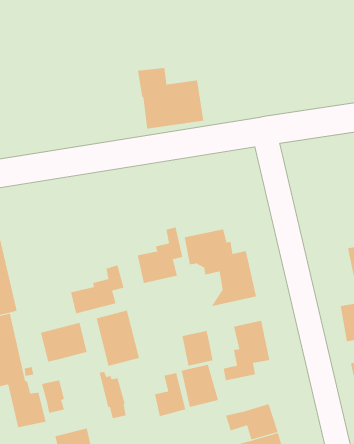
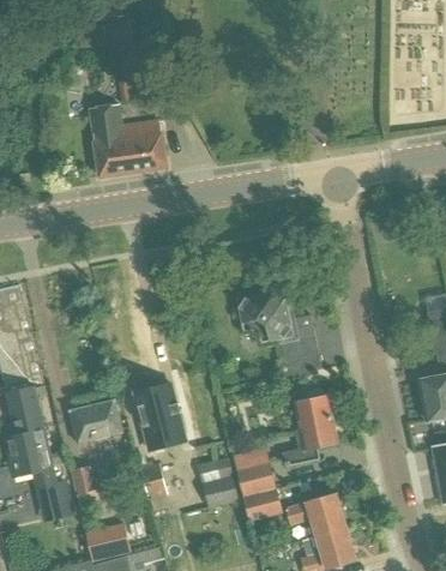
building: [137,68,204,129] -> [88,104,165,176]
building: [137,226,183,284] -> none
building: [70,265,124,314] -> none
building: [182,330,213,366] -> none
building: none -> [242,489,283,522]

